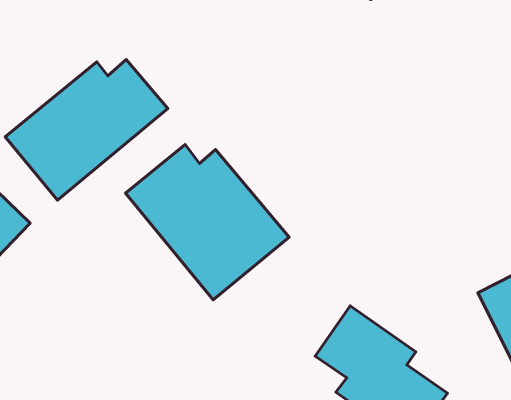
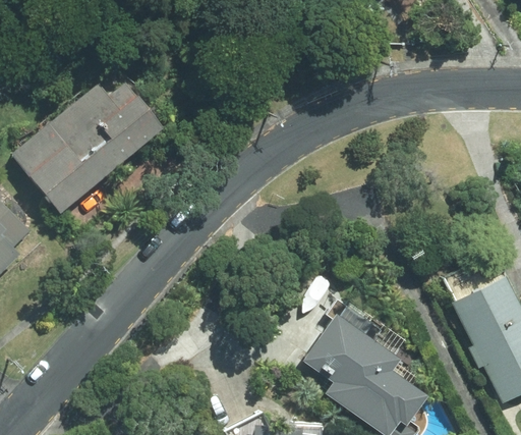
building: [125,145,289,300] -> none

